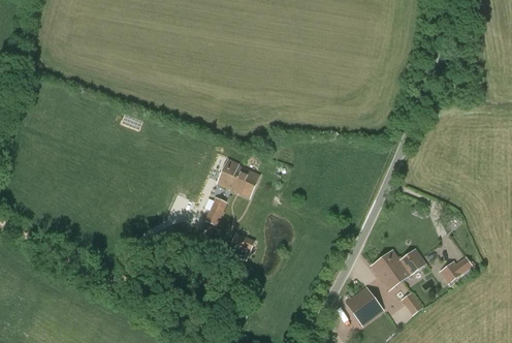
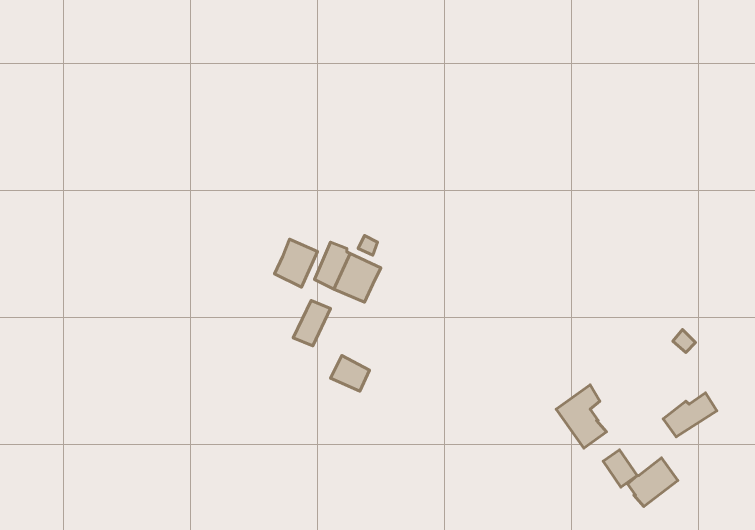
building: none -> [275,239,317,287]
building: [392,249,424,280] -> [627,458,678,506]
building: [346,287,383,325] -> none

